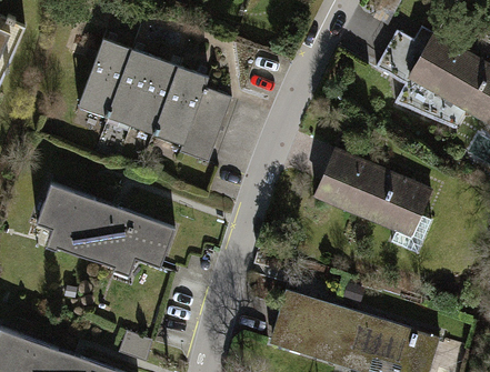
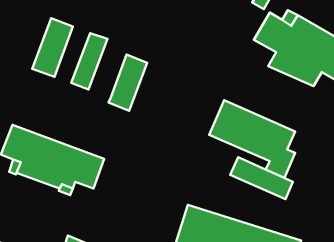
building: [109,50,157,125] -> none
building: [154,67,209,145] -> none
building: none -> [230,157,293,199]

